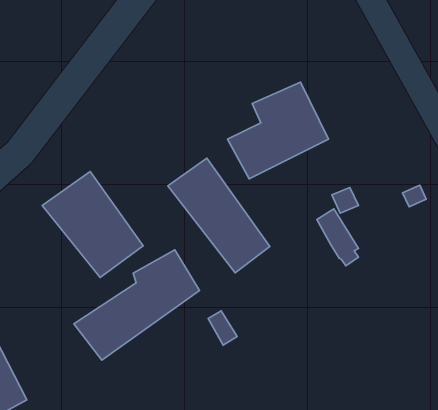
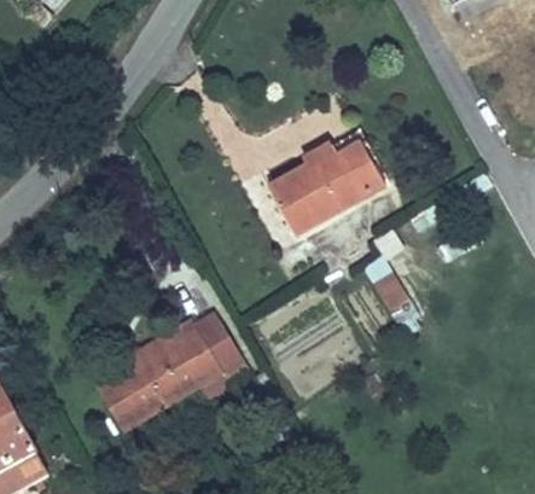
building: [168,158,270,273] -> none
building: [42,172,143,278] -> none

